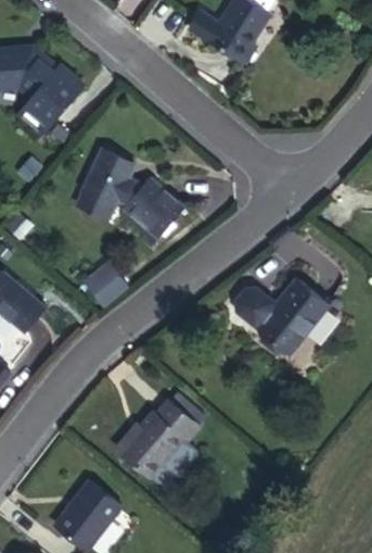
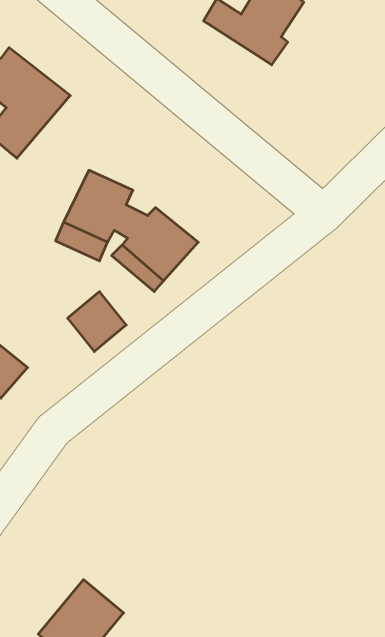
building: [234,280,324,355] -> none
building: [123,401,211,489] -> none

